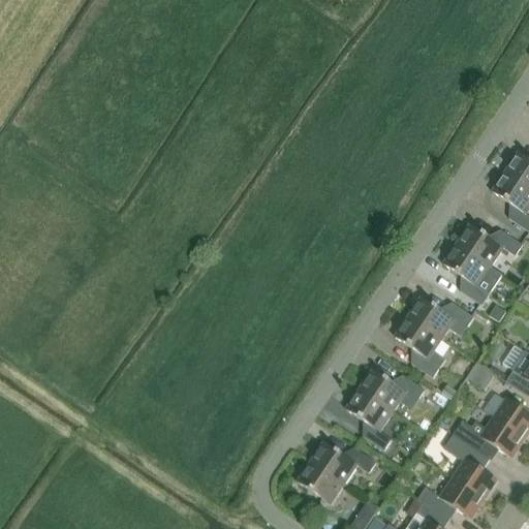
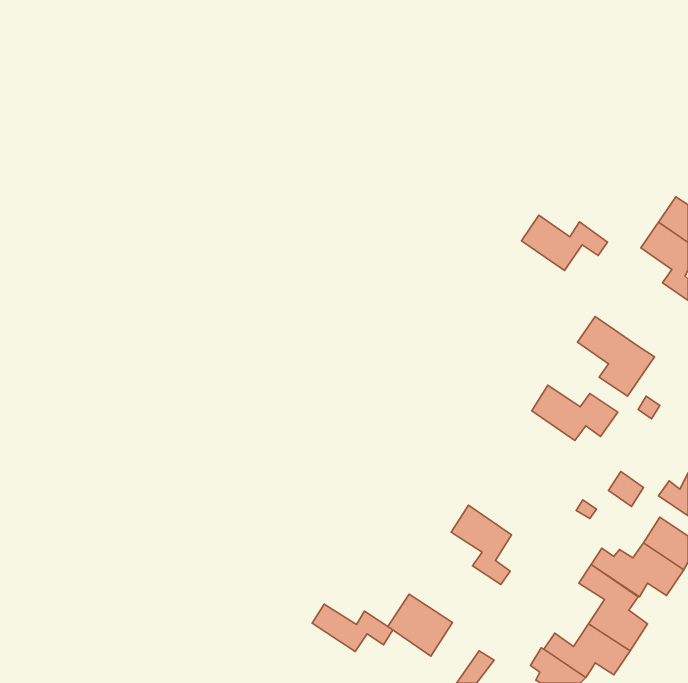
building: [457,223,523,266] -> [521,215,608,270]
building: [395,315,445,376] -> none
building: [360,368,425,410] -> none
building: [314,441,376,477] -> [312,604,393,651]

